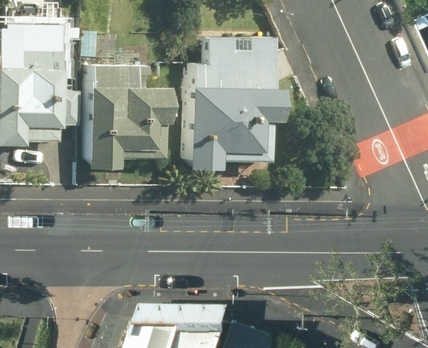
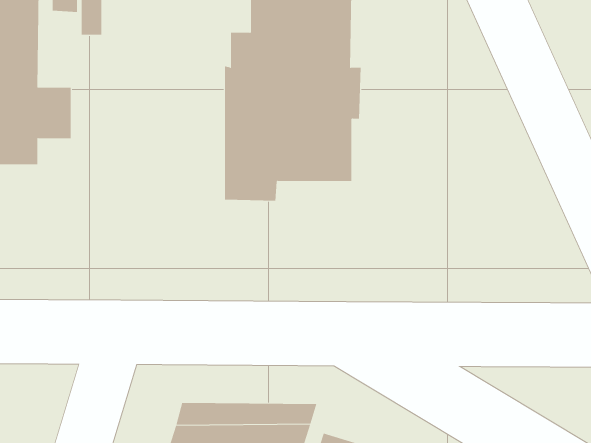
building: [82,66,160,169] -> none

